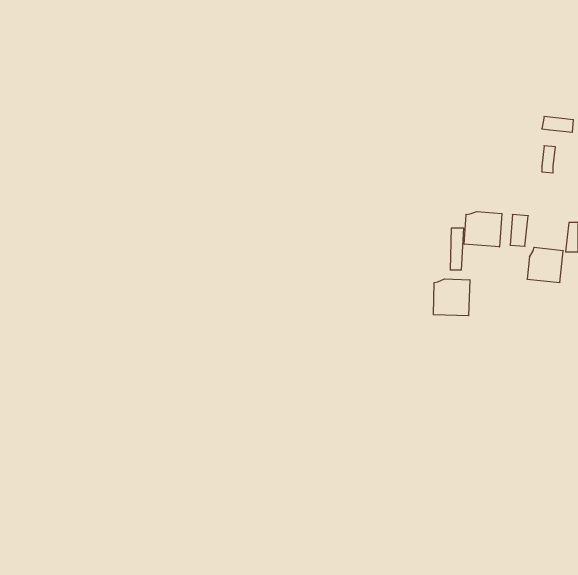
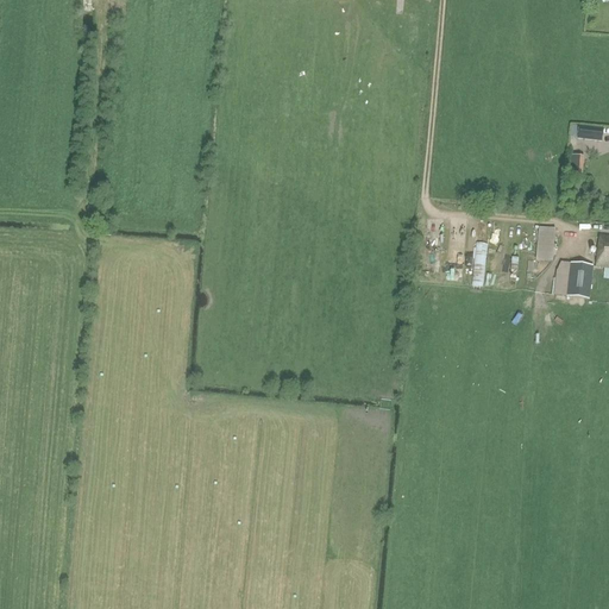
building: [464,212,502,247] -> none
building: [433,279,470,316] -> none

